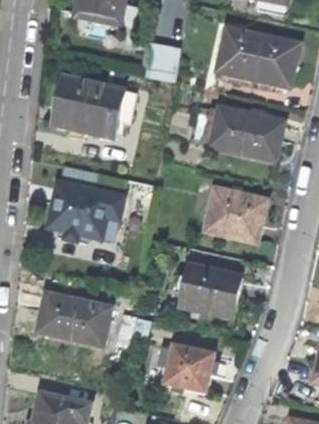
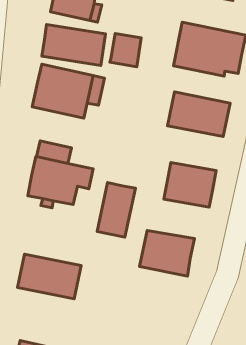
building: none -> [42,24,106,66]
building: none -> [97,183,135,237]
building: [166,347,215,394] -> none

